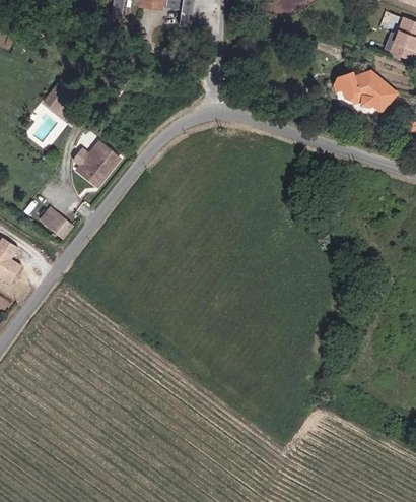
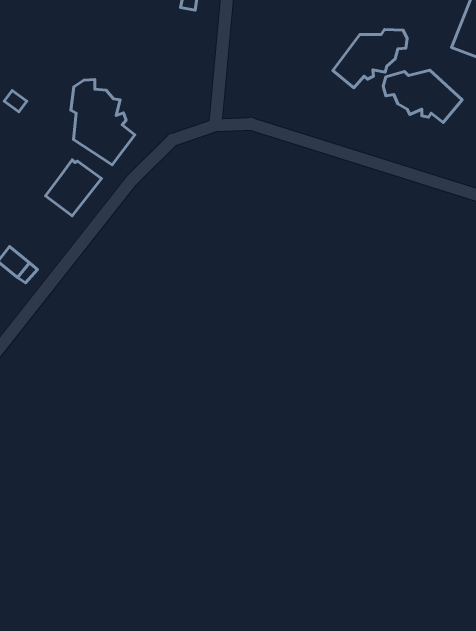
building: none -> [333,30,407,88]
building: none -> [71,80,135,165]

